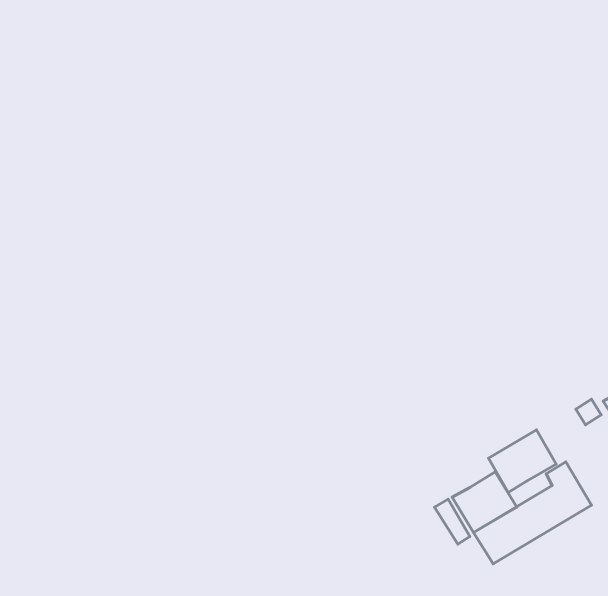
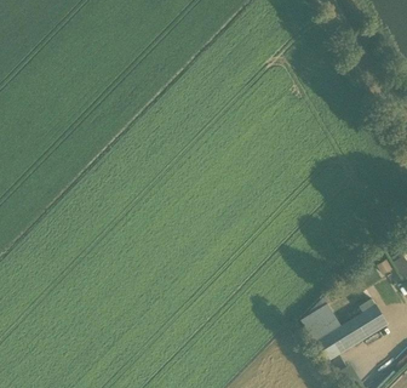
building: [488,430,556,493] -> none

